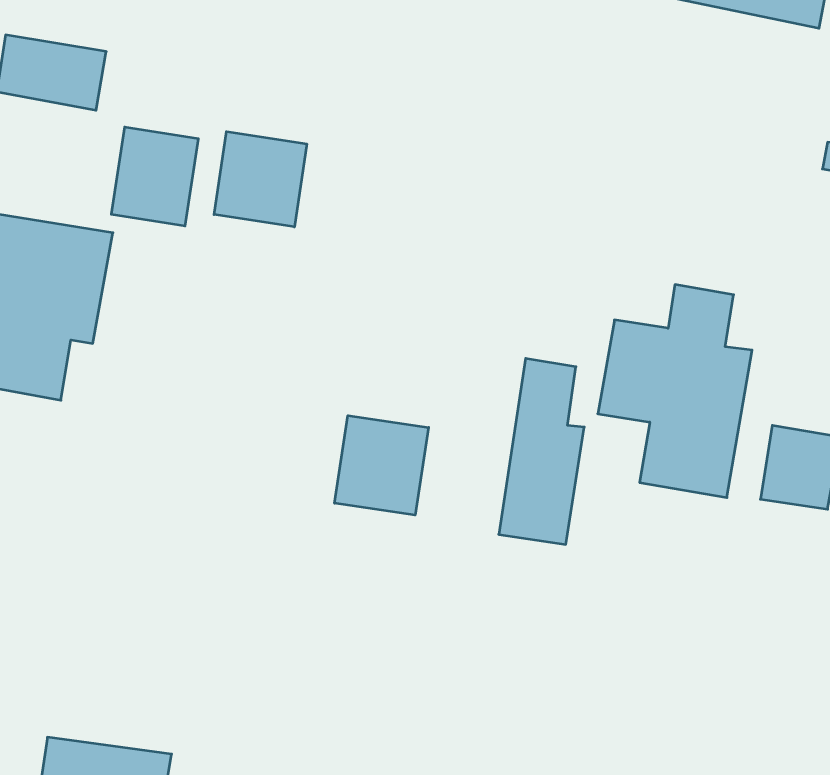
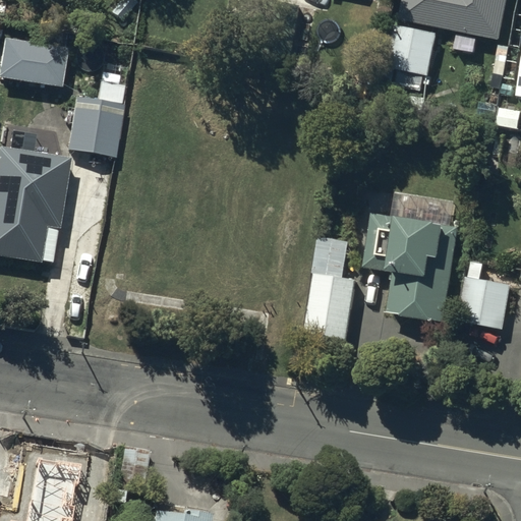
building: none -> [386,25,436,75]
building: [214,132,307,227] -> none
building: [335,416,429,515] -> none

